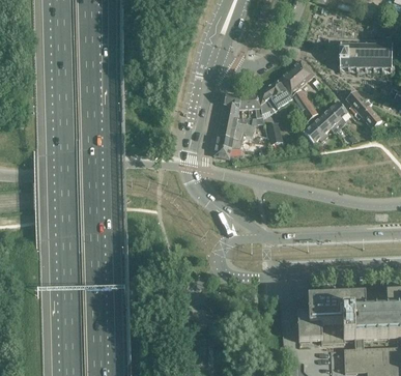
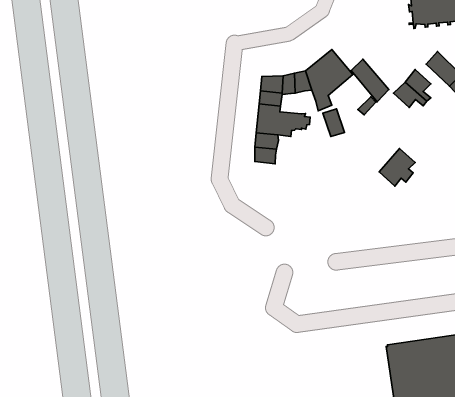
building: [281,59,315,94] -> none
building: [305,115,332,142] -> [379,148,415,186]

